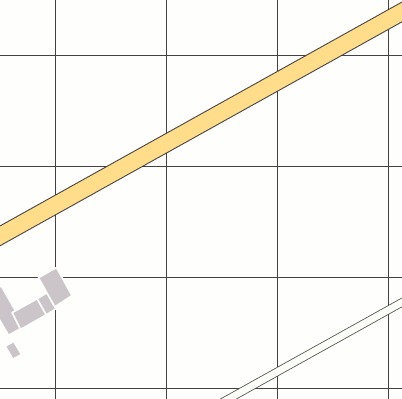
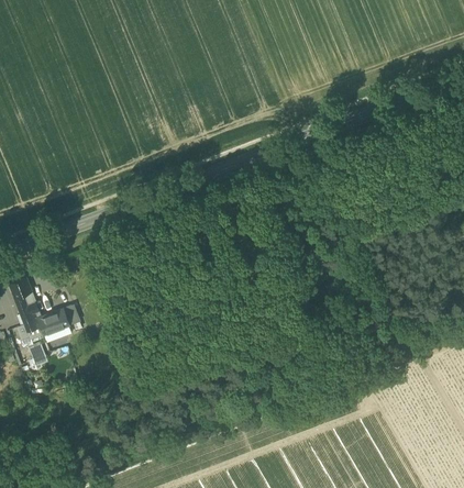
building: [38,268,72,306] -> none

